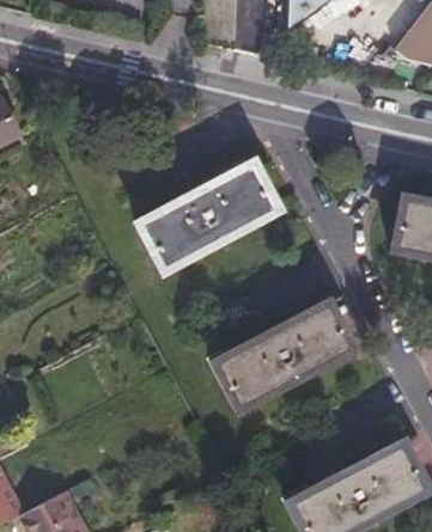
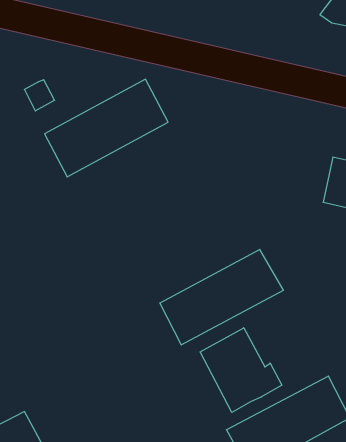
building: [138,165,275,274] -> [45,79,168,177]
building: none -> [200,328,282,412]

